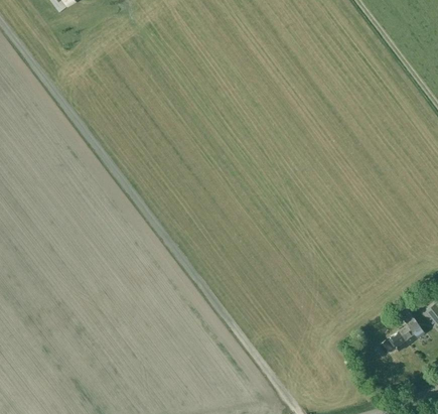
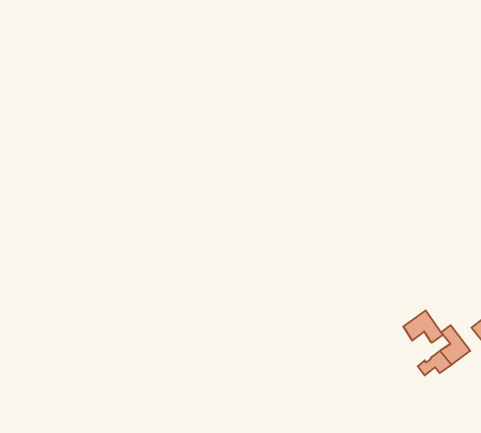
building: none -> [403,310,443,343]

